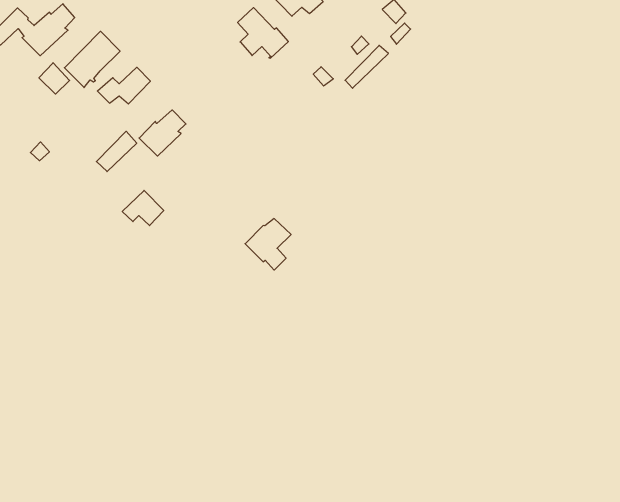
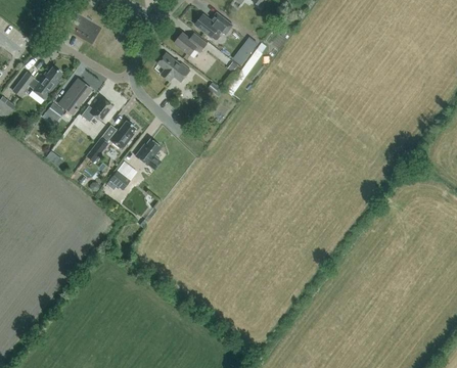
building: [245,219,291,270] -> [135,138,162,169]

